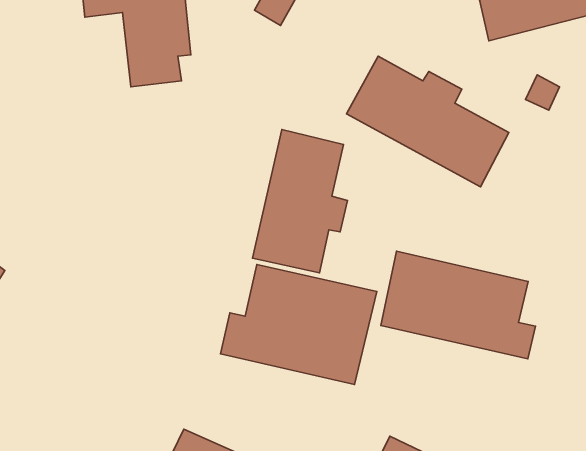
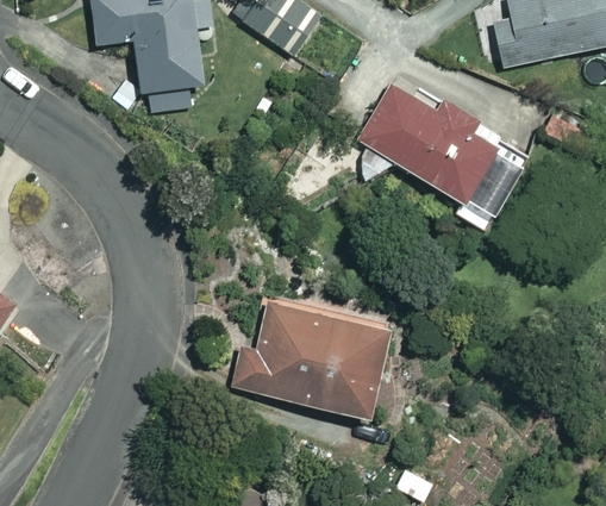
building: [252,129,348,273] -> none
building: [381,251,535,359] -> none

